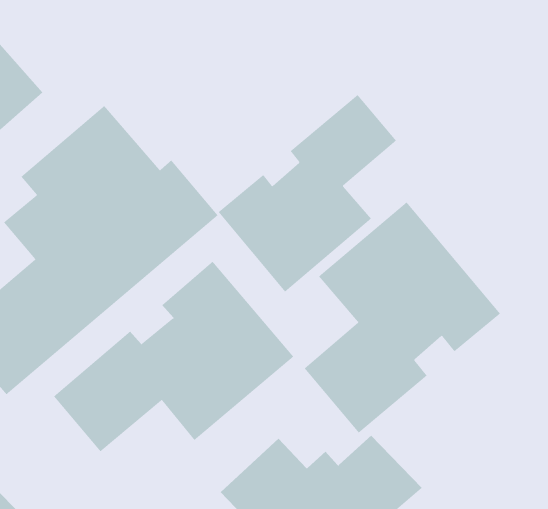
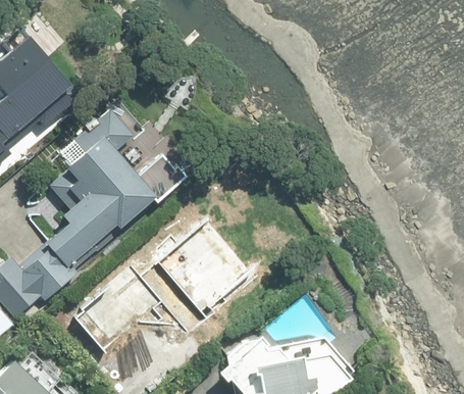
building: [218,94,397,292] -> none
building: [304,201,501,433] -> none

